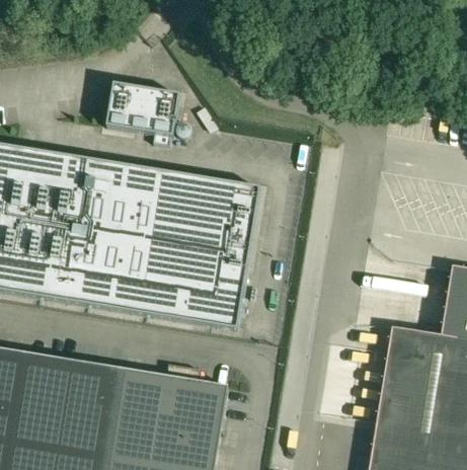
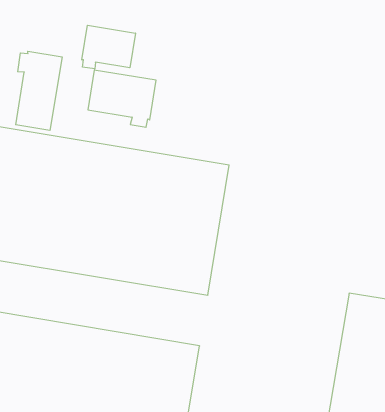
building: none -> [82,25,135,69]
building: none -> [16,51,62,130]

